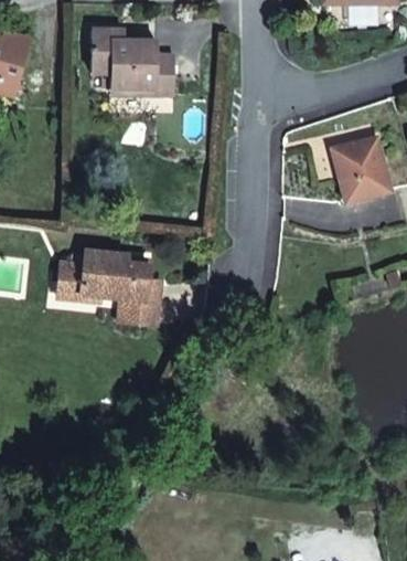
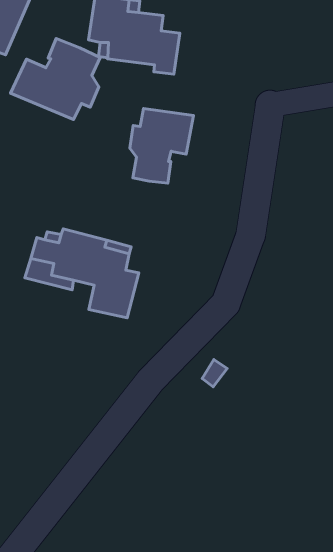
building: none -> [11,39,100,119]
building: none -> [130,108,193,183]

